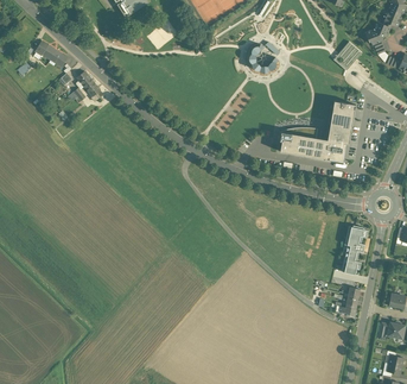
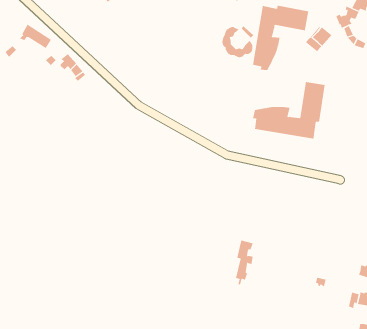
building: none -> [252,5,309,71]
building: [344,226,363,273] -> [235,240,253,285]

